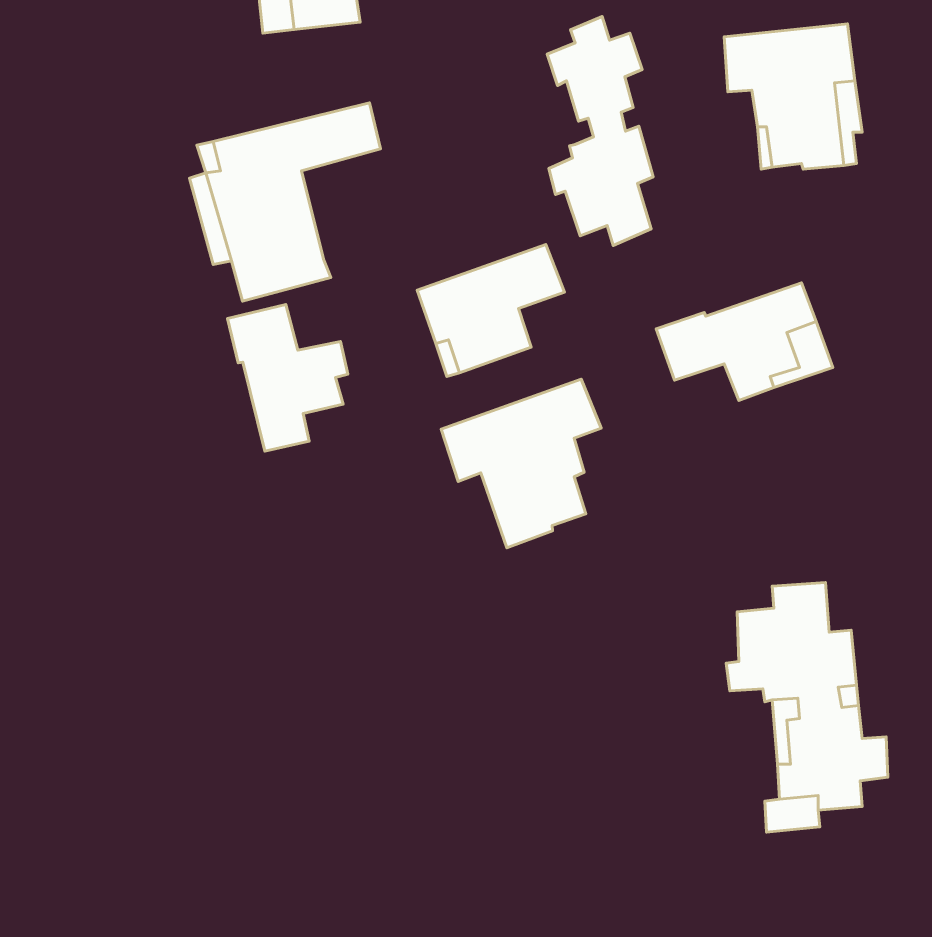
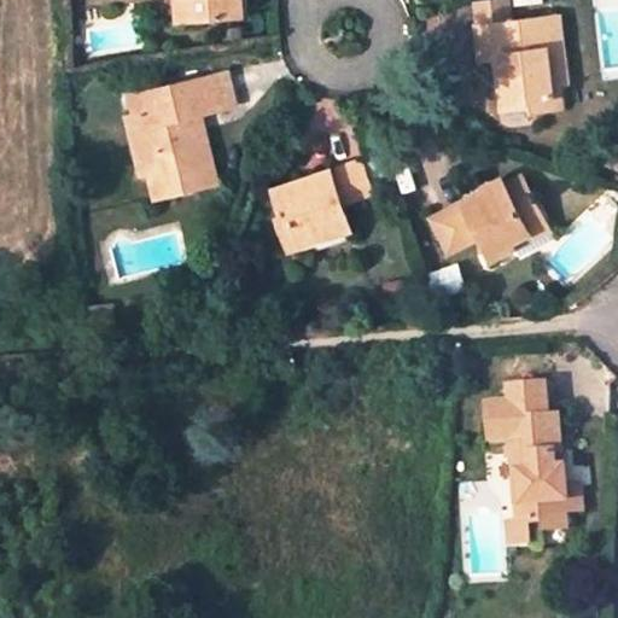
building: [547,17,653,246] -> none
building: [227,304,348,451] -> none
building: [441,379,601,548] -> none

